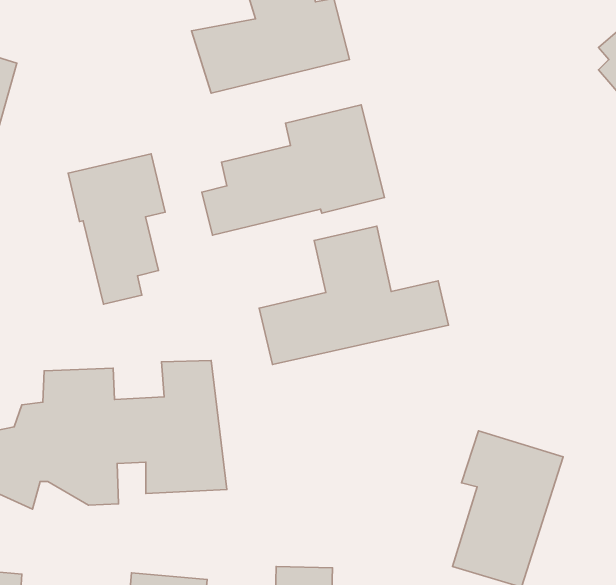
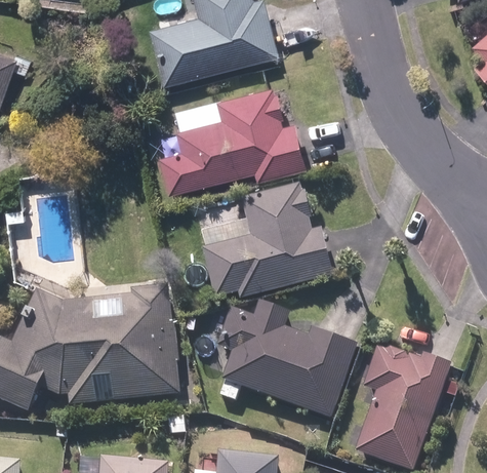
building: [68,154,165,304] -> none
building: none -> [218,302,350,415]

